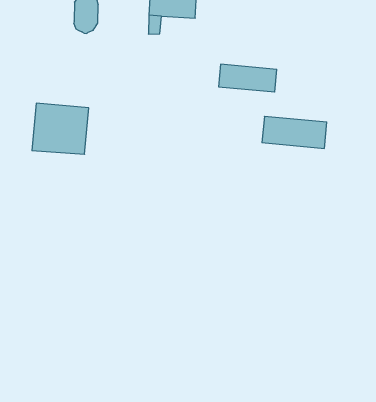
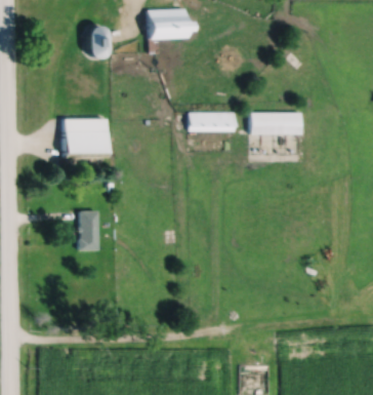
building: [219,64,277,92] -> [189,112,235,130]
building: none -> [77,210,98,250]

